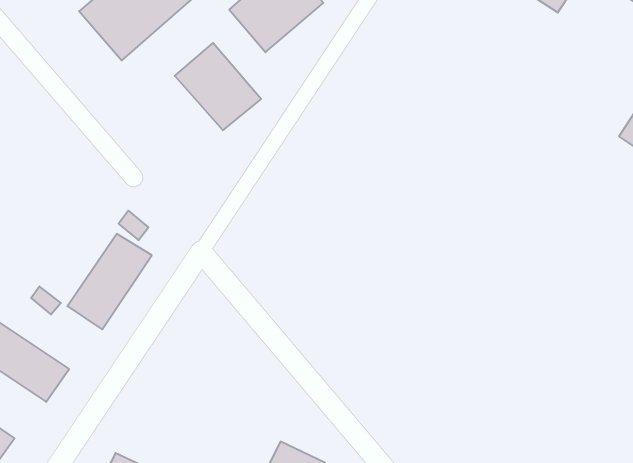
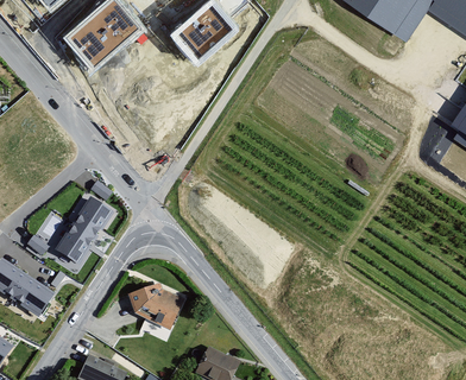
building: [175,43,261,130] -> none
building: none -> [125,283,178,330]

